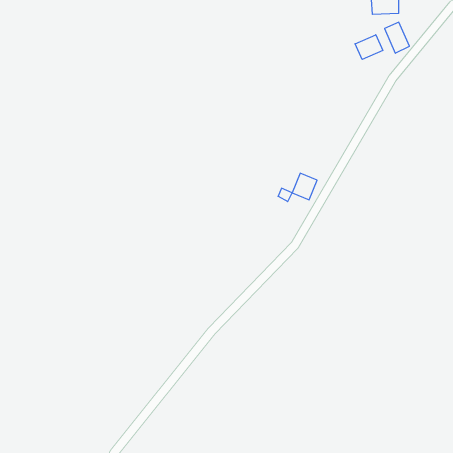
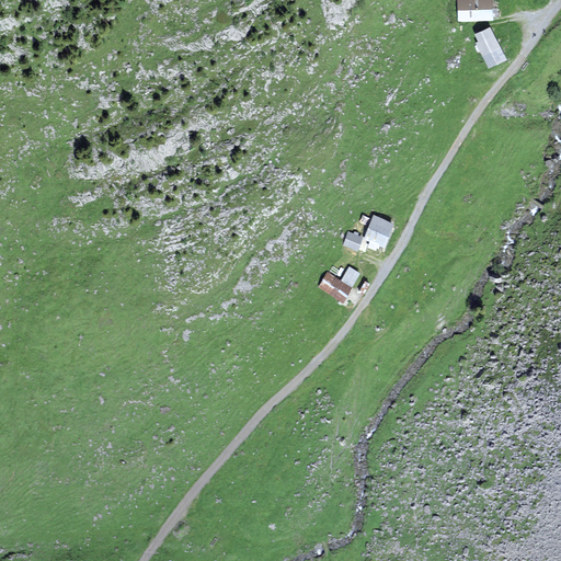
building: [355,35,383,59] -> none
building: none -> [316,270,360,305]

